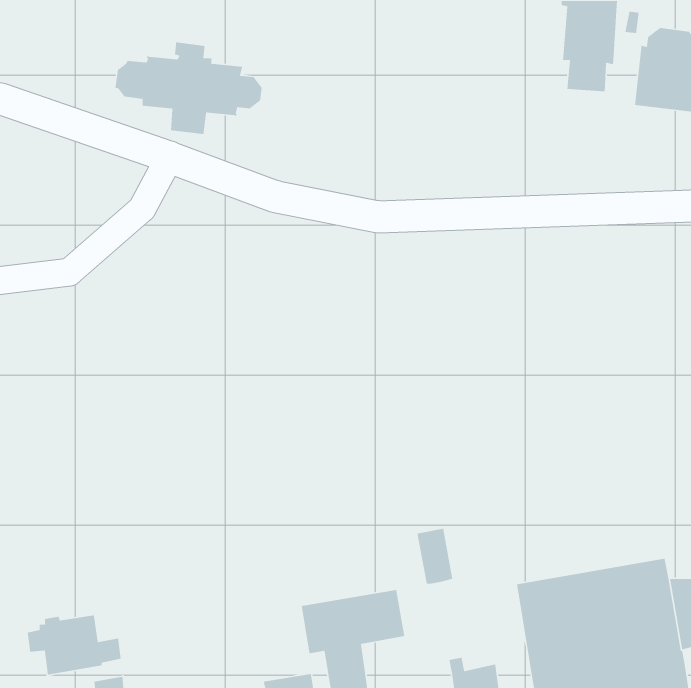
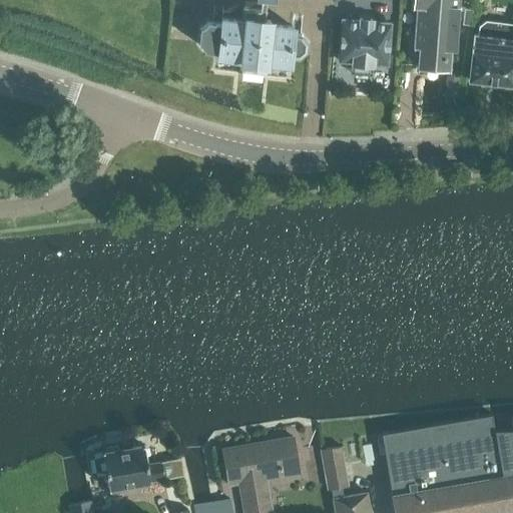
building: none -> [340,21,391,72]
building: [115,41,262,135] -> [199,10,309,79]
building: [417,528,453,585] -> [323,449,350,491]
building: [27,614,122,675] -> [95,447,165,492]

